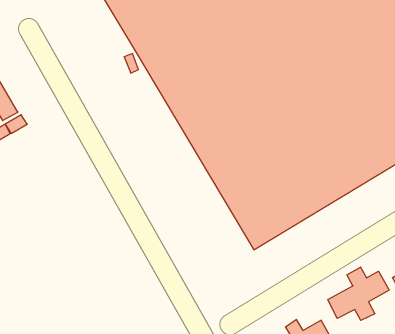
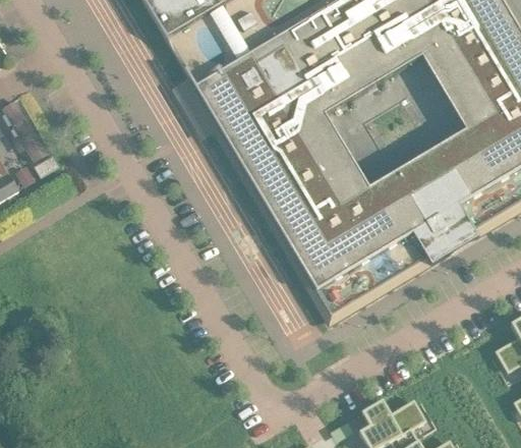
building: [328,267,389,320] -> none

